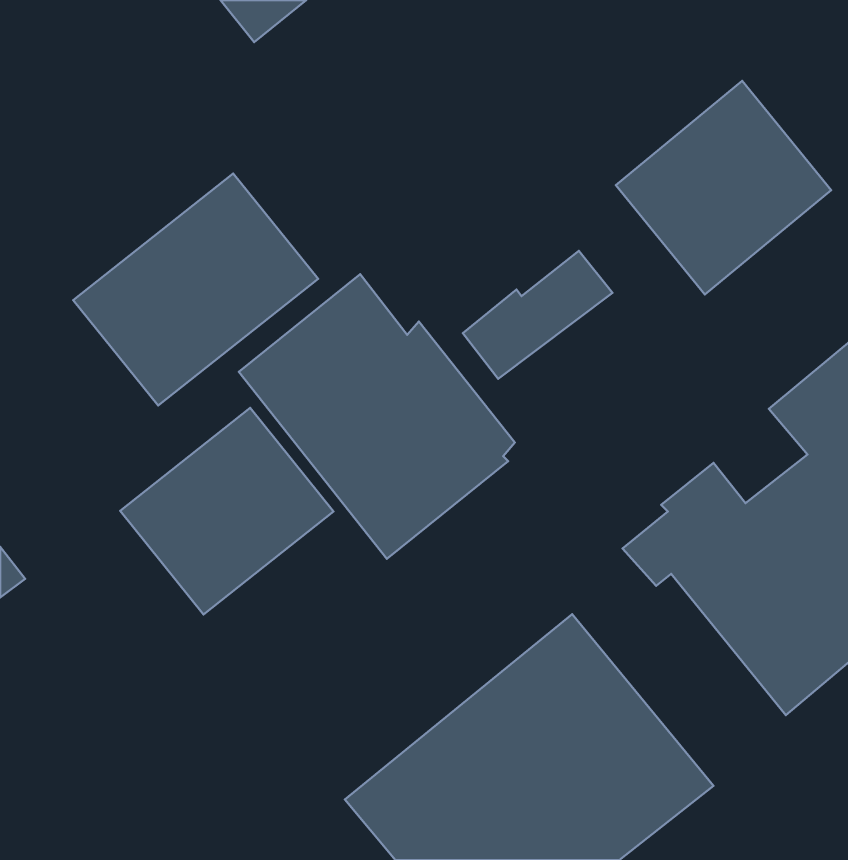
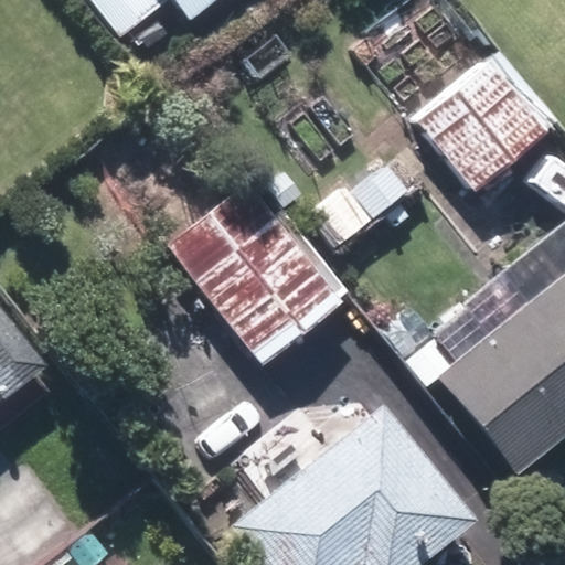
building: [73,174,318,406] -> none
building: [120,408,333,615] -> none

